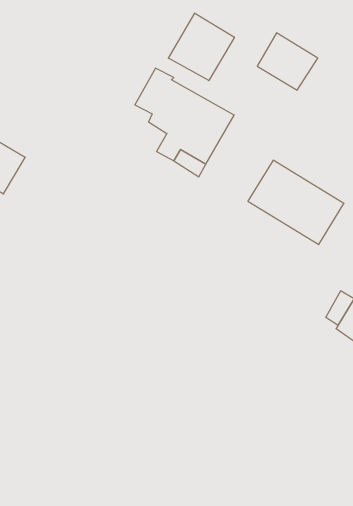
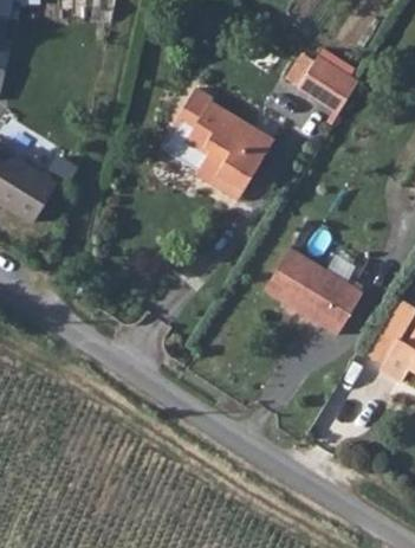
building: [168,13,234,81] -> none
building: [248,160,344,245] -> [264,246,363,334]

